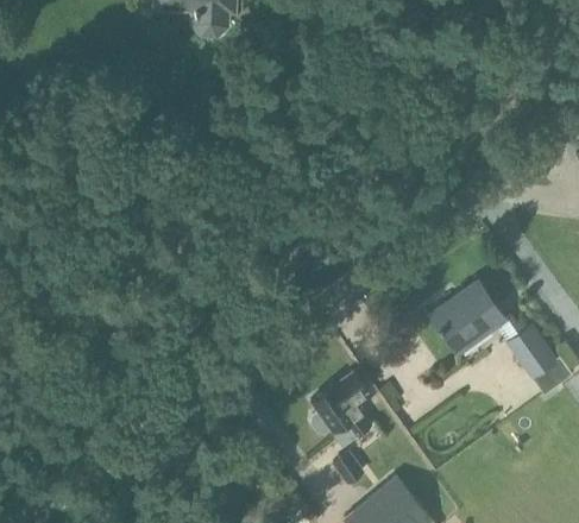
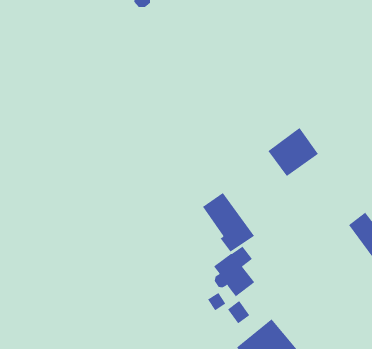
building: [430,281,504,352] -> [268,127,319,177]
building: none -> [202,192,255,253]

